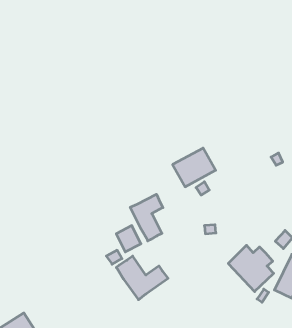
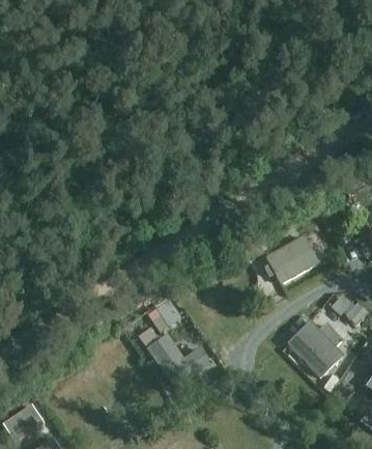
building: [173,148,216,187] -> [265,235,319,284]
building: [130,194,163,241] -> none

